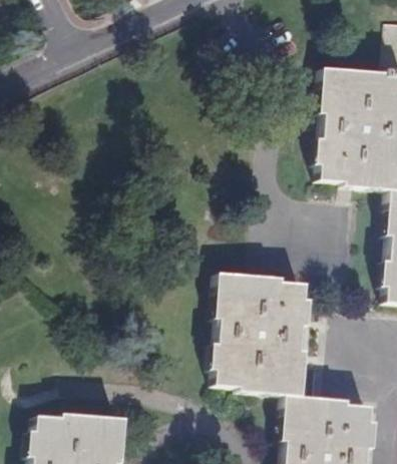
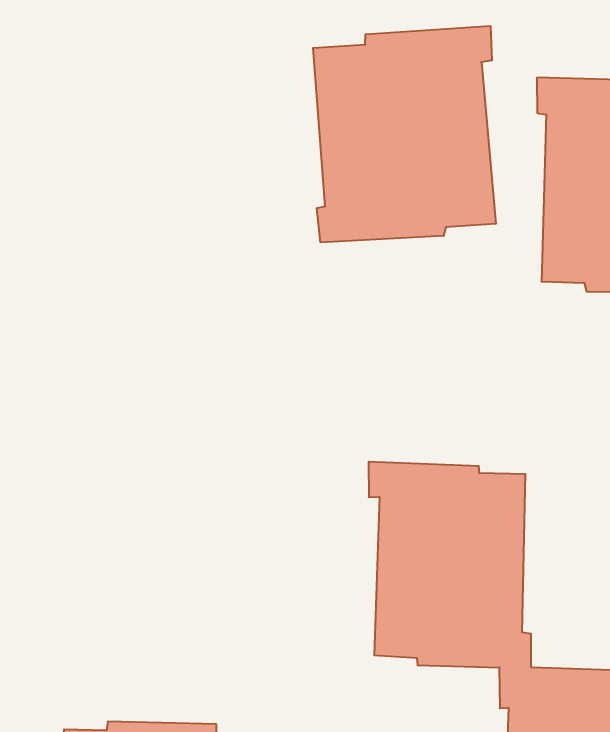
building: none -> [313,26,496,242]

